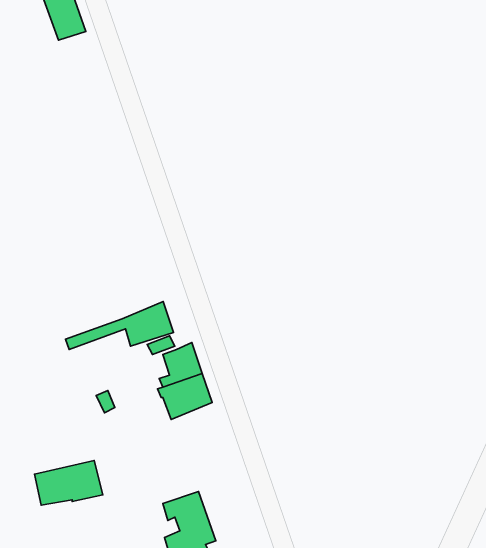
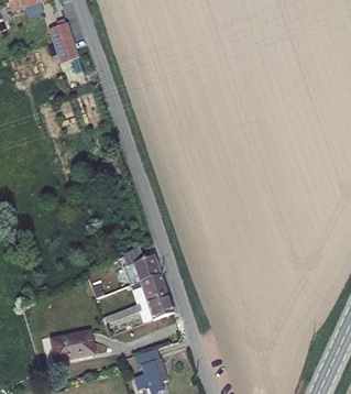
building: [66,302,173,349] -> [102,292,172,322]

